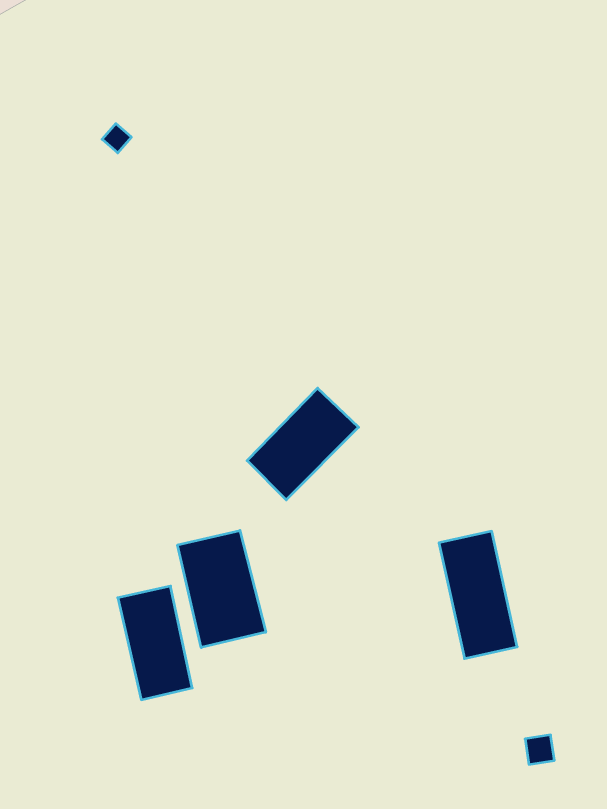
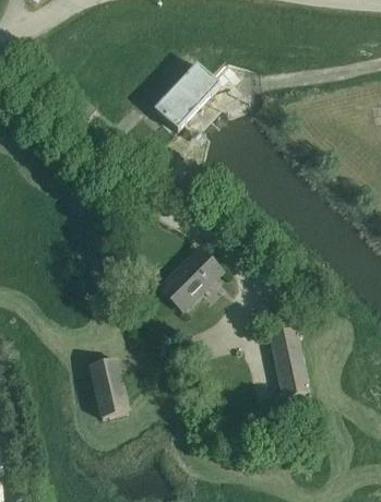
building: none -> [154,62,221,129]
building: [178,530,266,648] -> none

